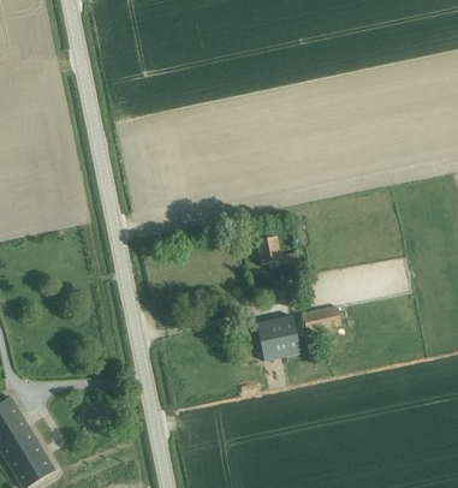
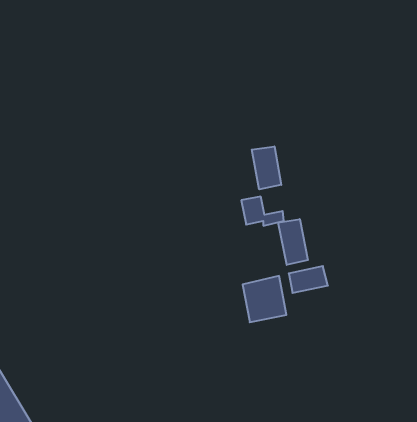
building: none -> [252,146,281,189]
building: none -> [278,219,308,265]

